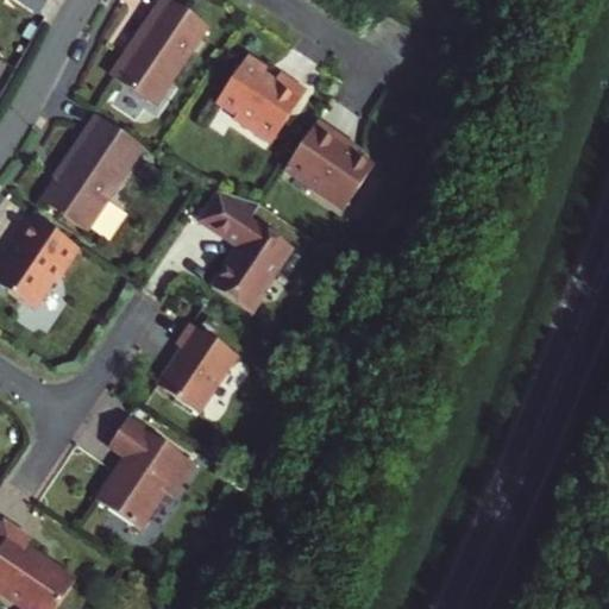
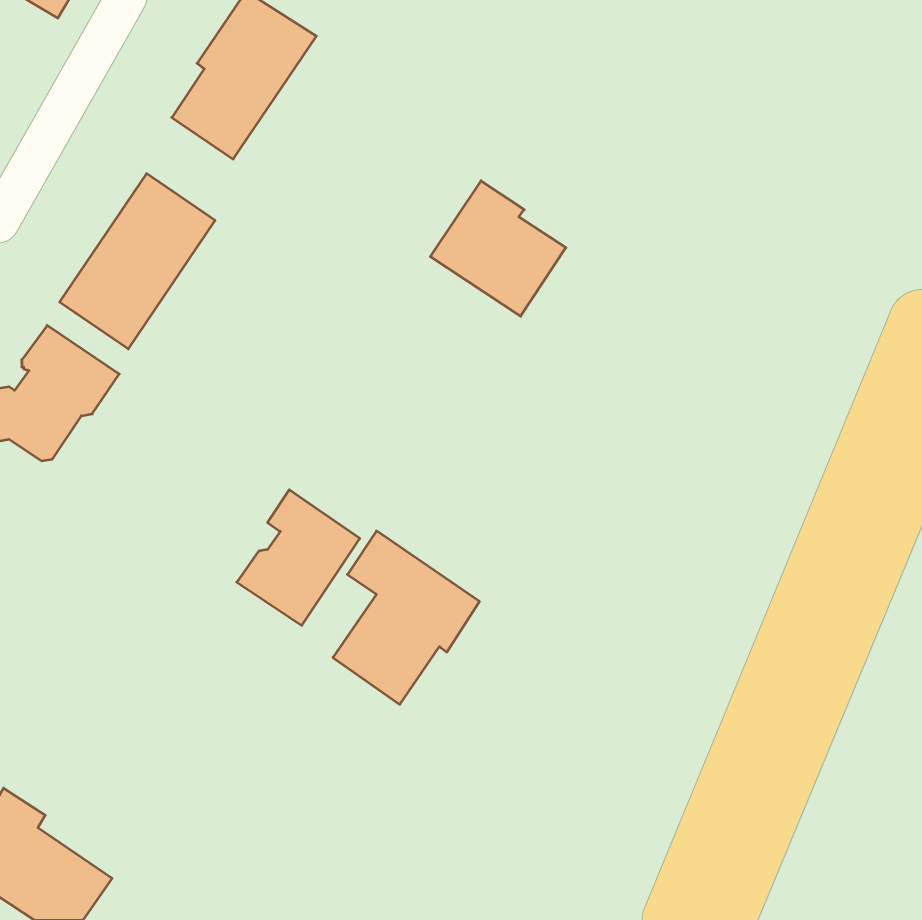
building: [215,55,306,142] -> none
building: [201,190,294,313] -> none
building: [99,416,195,530] -> [333,531,479,704]

